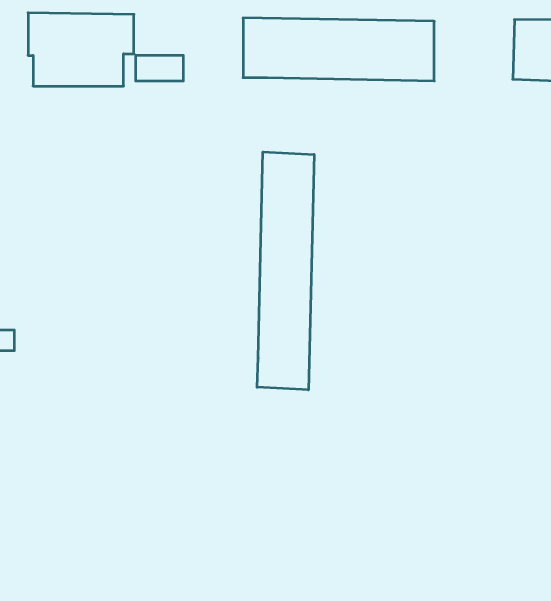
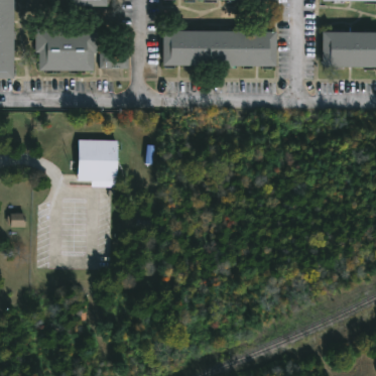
building: [257,152,314,390] -> none
building: none -> [80,138,120,180]

